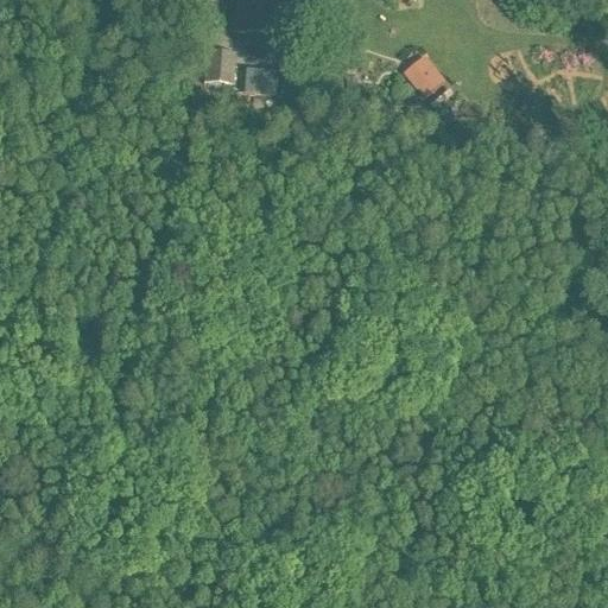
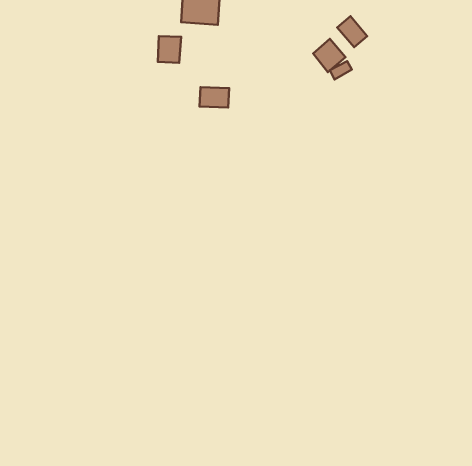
building: none -> [337,16,367,47]
building: [243,64,281,90] -> [200,87,229,107]

